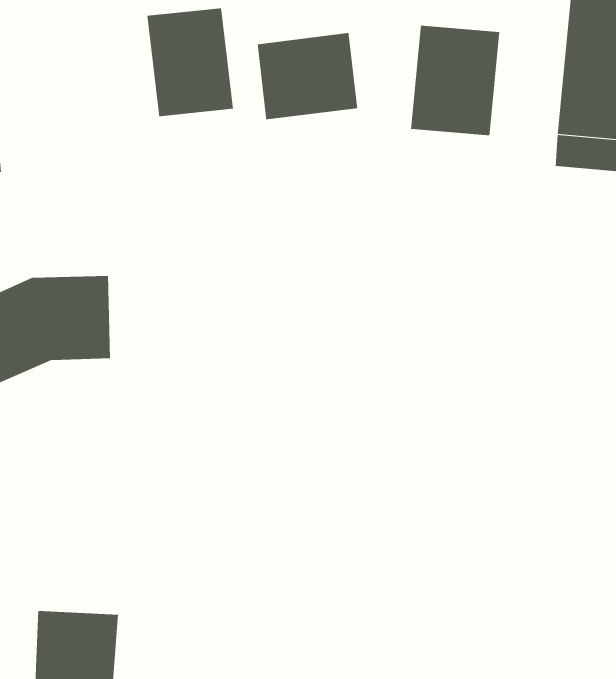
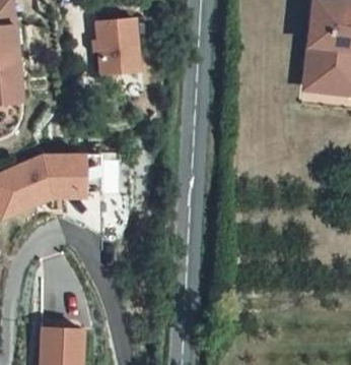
building: [411,25,500,136] -> none
building: [257,32,358,120] -> none

